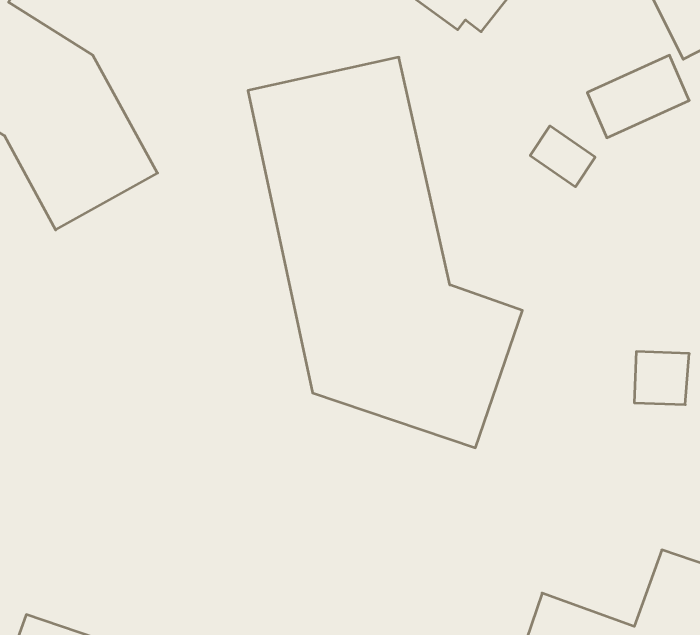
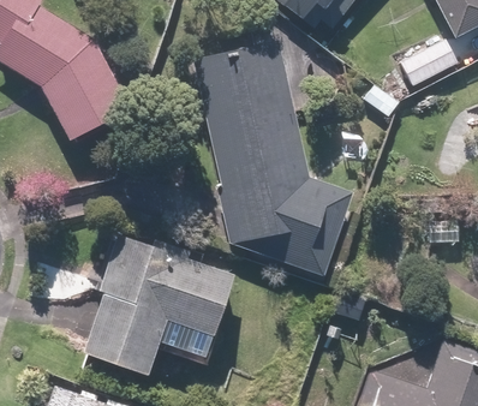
building: none -> [82,235,234,376]

